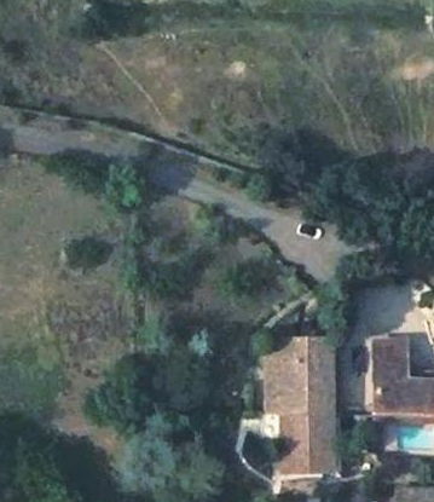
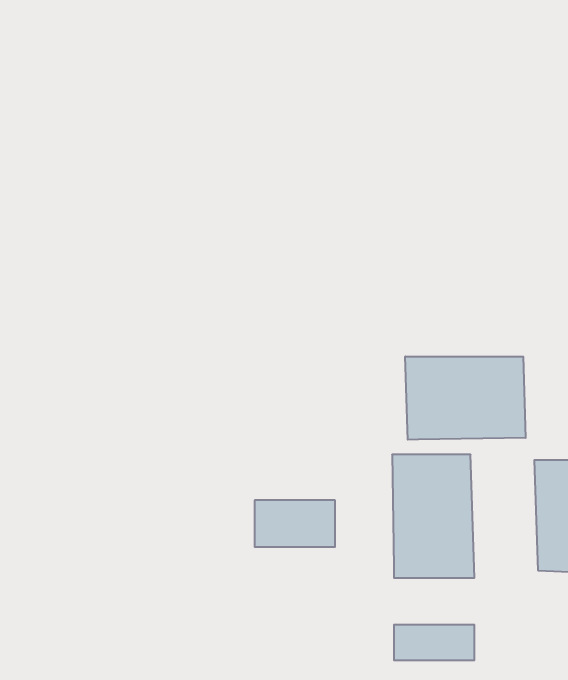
building: none -> [405,356,526,440]
building: [280,417,332,448] -> [255,500,335,547]

